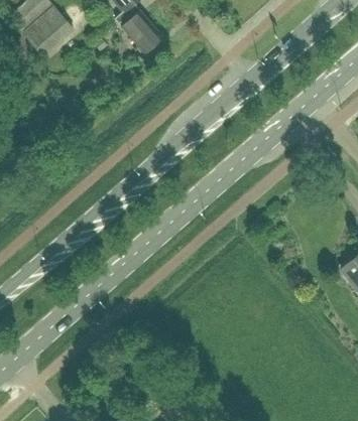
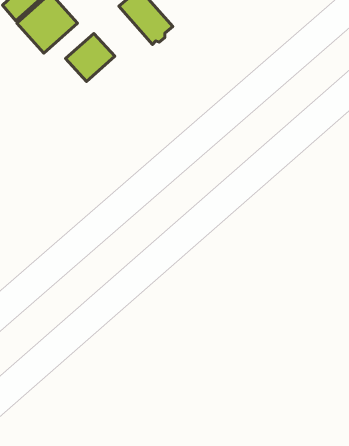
building: none -> [66,33,115,82]

